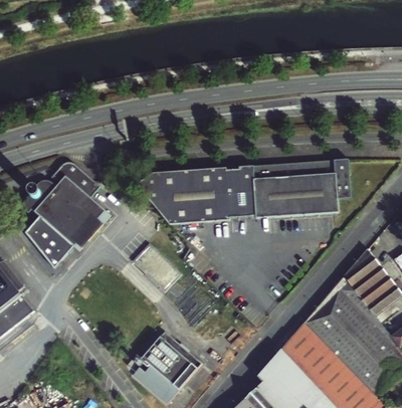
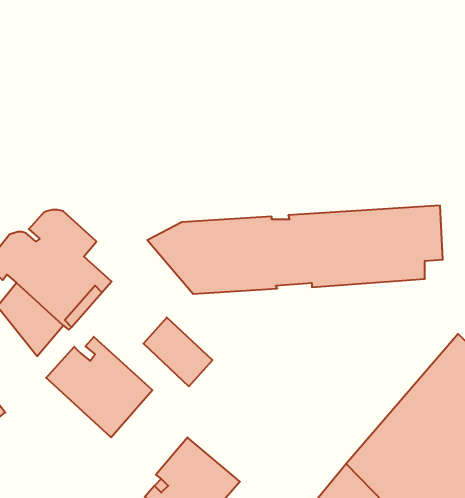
building: none -> [46,337,152,437]

